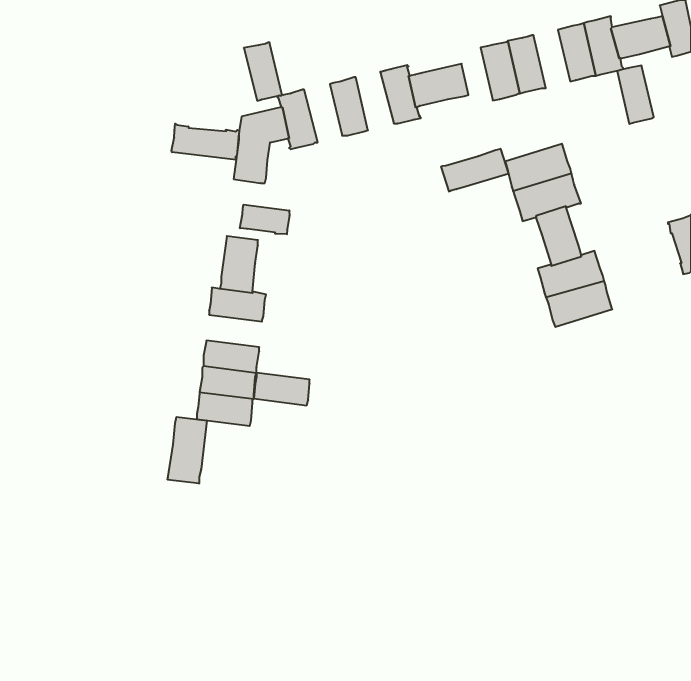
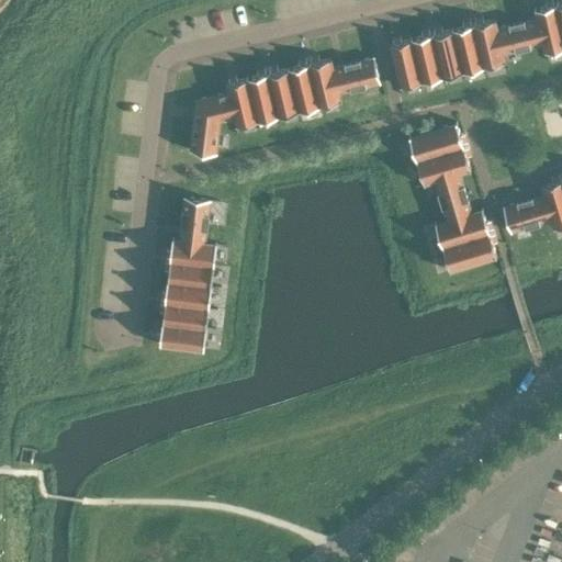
building: [244,42,282,101] -> [246,78,277,125]
building: [617,66,654,124] -> [431,34,461,81]
building: none -> [288,68,318,115]
building: [172,124,239,160] -> none
building: [441,149,508,192] -> none
building: [240,205,289,234] -> none
building: none -> [502,199,551,236]
building: [254,373,310,405] -> [167,265,212,291]
building: [168,417,207,484] -> none

